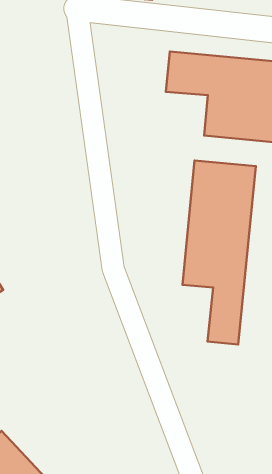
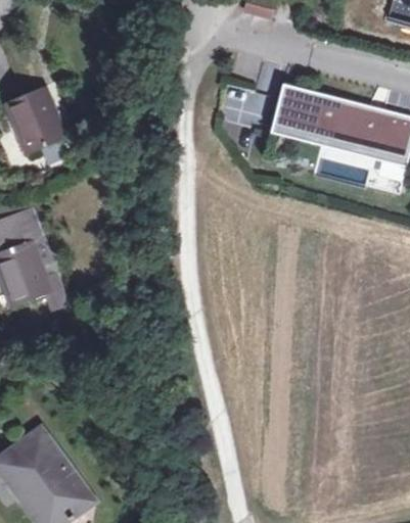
building: [183,160,256,345] -> none

